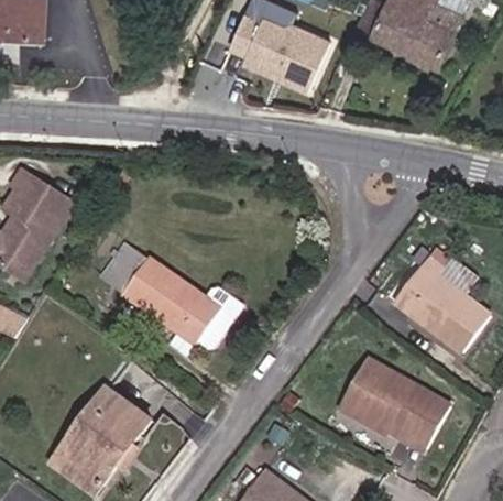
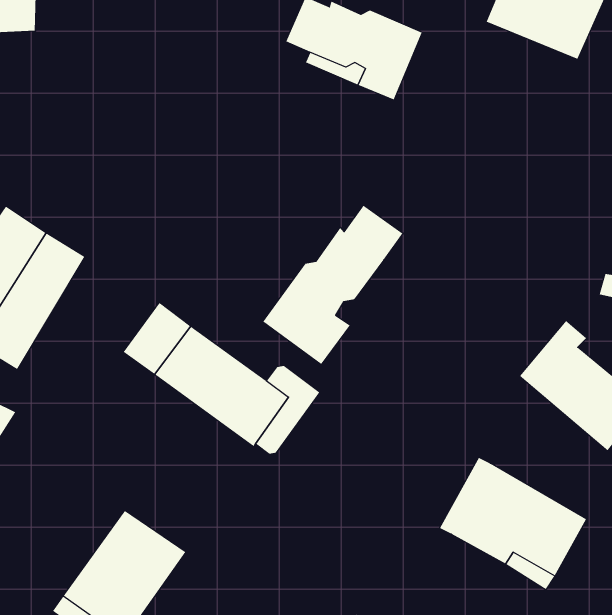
building: none -> [263,205,403,365]

